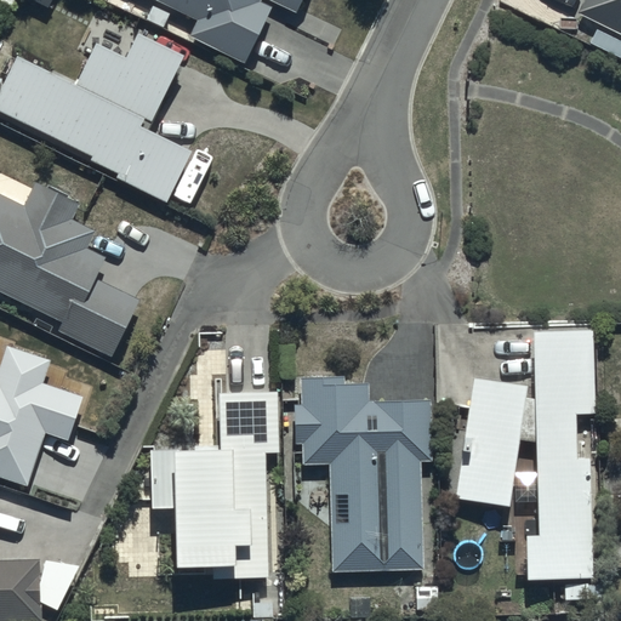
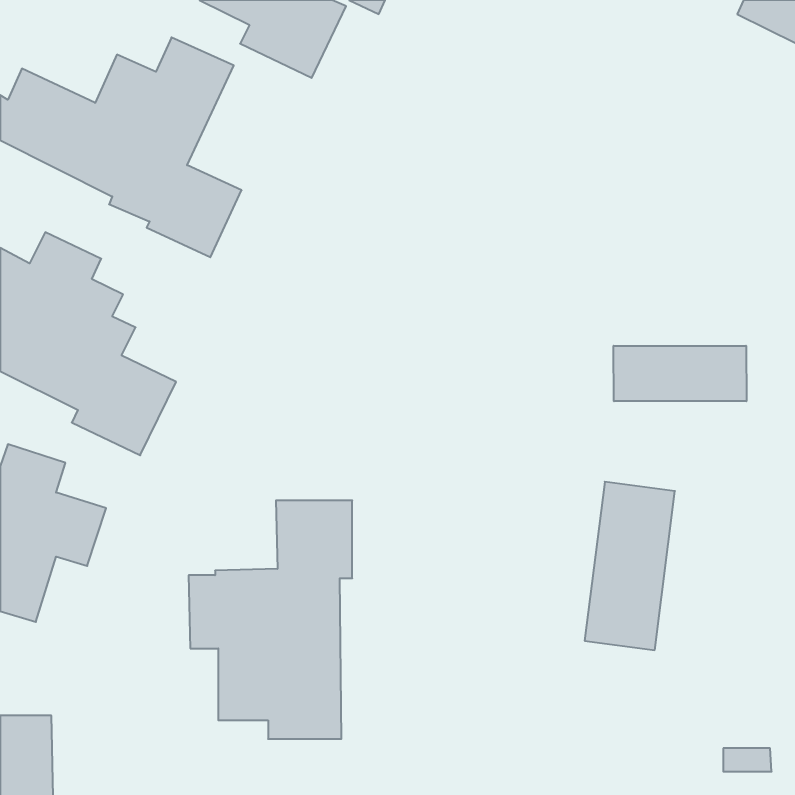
building: none -> [614,346,746,401]
building: [523,331,592,579] -> none
building: [292,375,429,571] -> none

